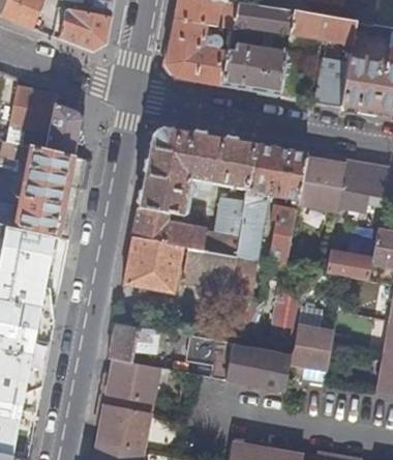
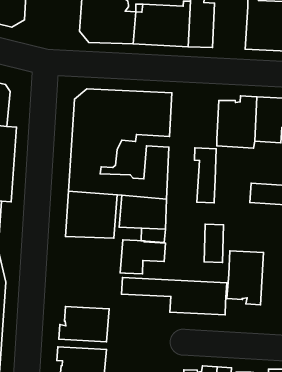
building: [313,55,349,105] -> none
building: [236,142,306,259] -> none
building: [108,322,160,362] -> [120,240,166,274]

